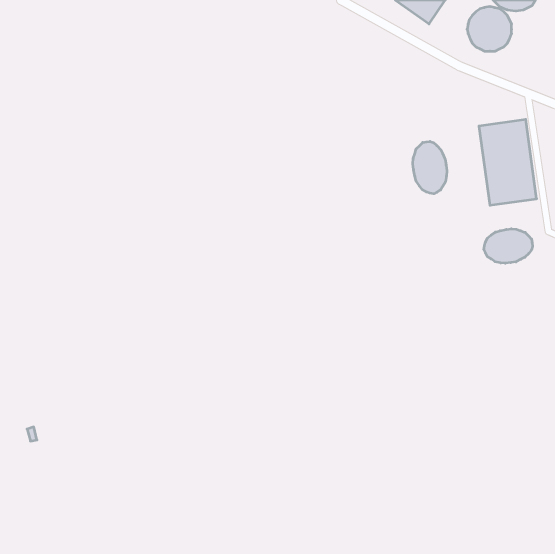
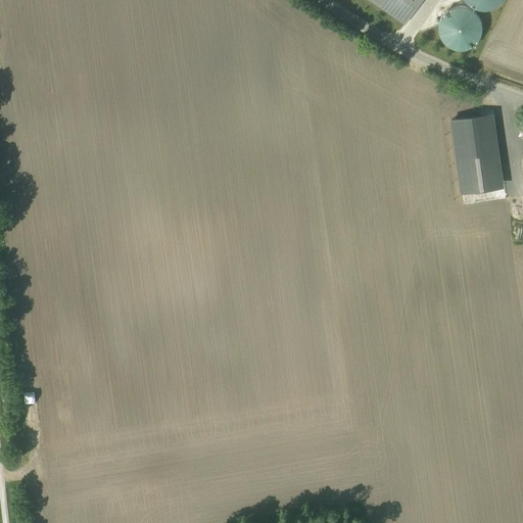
building: [413,141,447,194] -> none
building: [484,229,533,263] -> none

